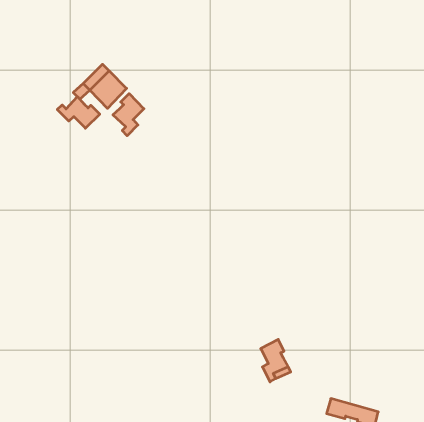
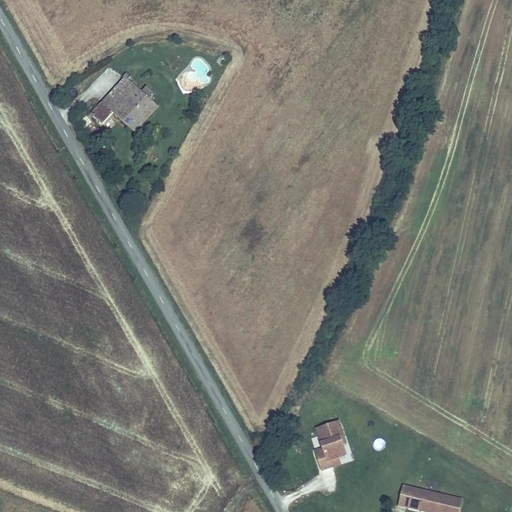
building: [113,94,144,136] -> none
building: [57,97,100,128] -> none

